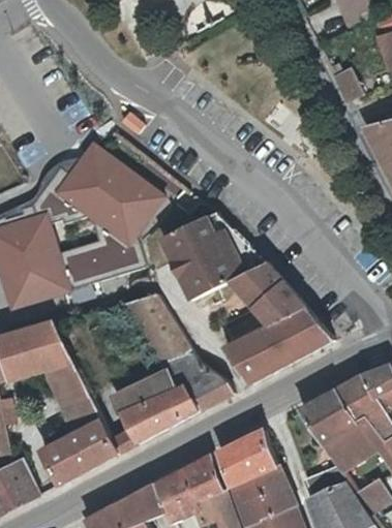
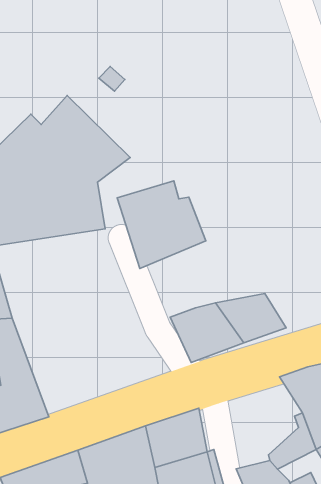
building: [225,261,308,325] -> none
building: [108,296,233,444] -> none
building: [296,387,360,463] -> none

